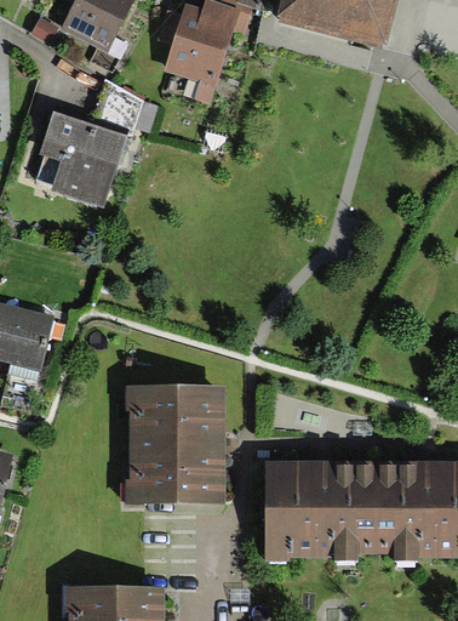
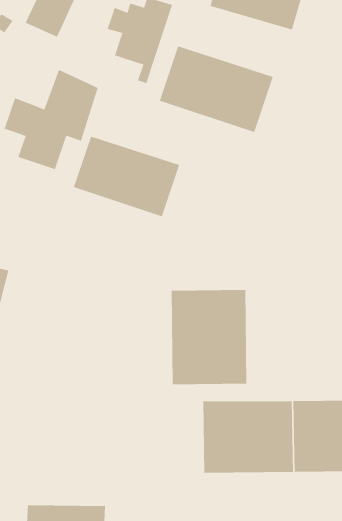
building: none -> [159,46,273,133]
building: none -> [73,136,180,217]
building: [131,391,219,501] -> [171,289,247,385]

